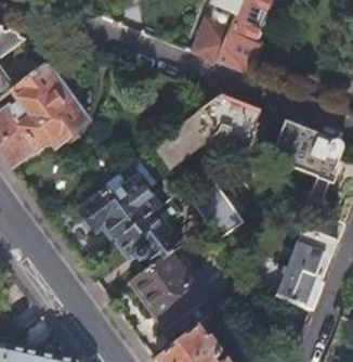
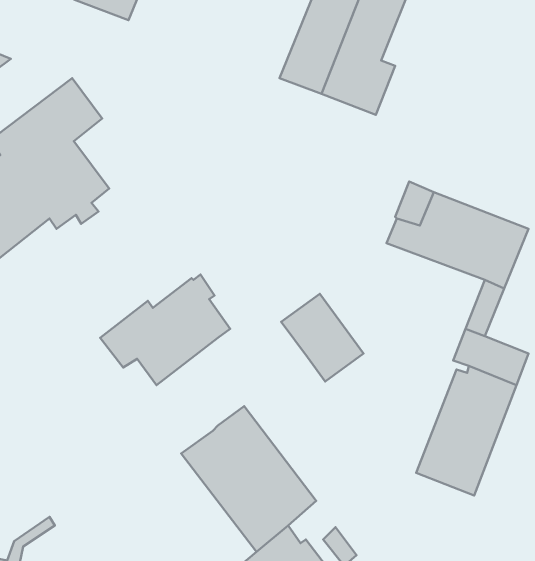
building: [151,94,260,170] -> none
building: [115,211,179,266] -> none

